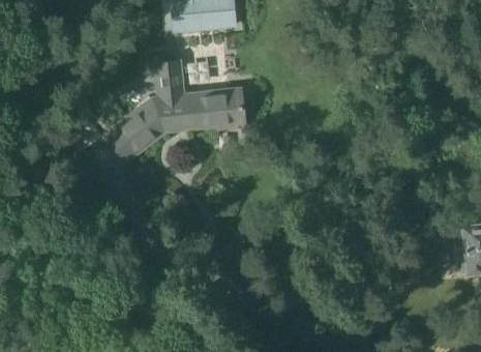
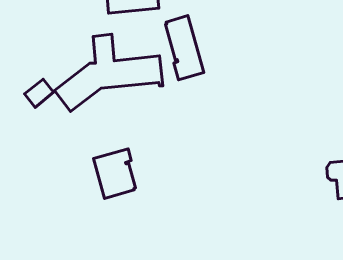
building: none -> [166,16,204,80]
building: none -> [93,149,135,198]

